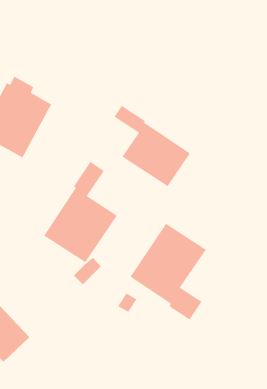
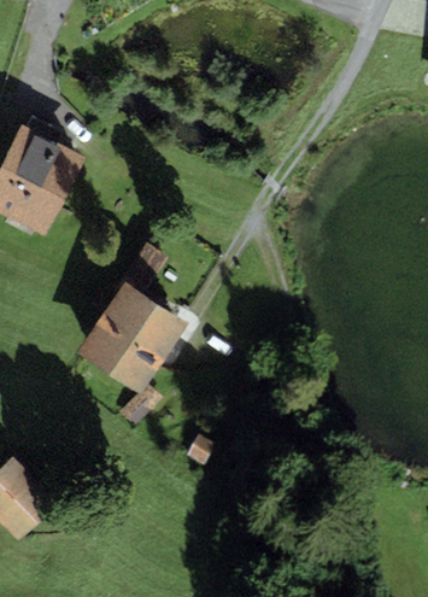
building: [114,105,191,187] -> none
building: [130,223,207,320] -> none

